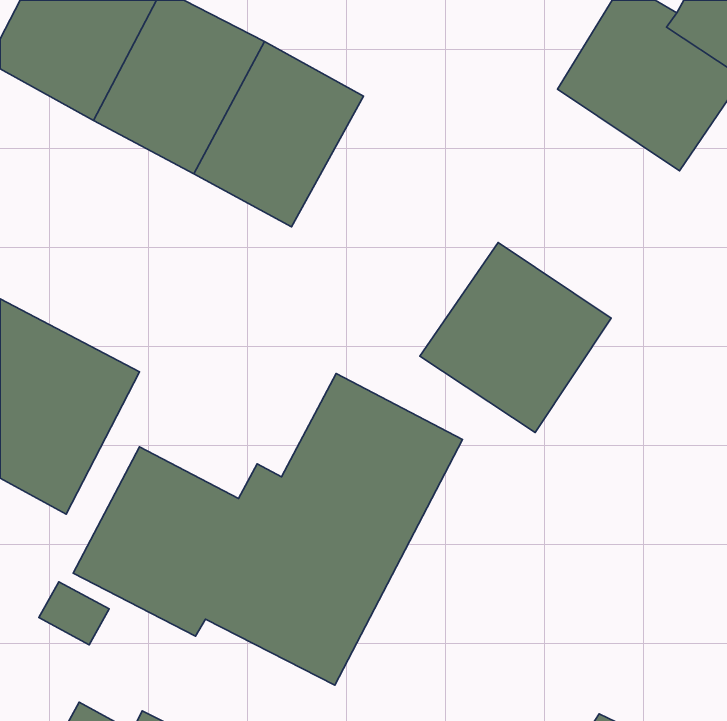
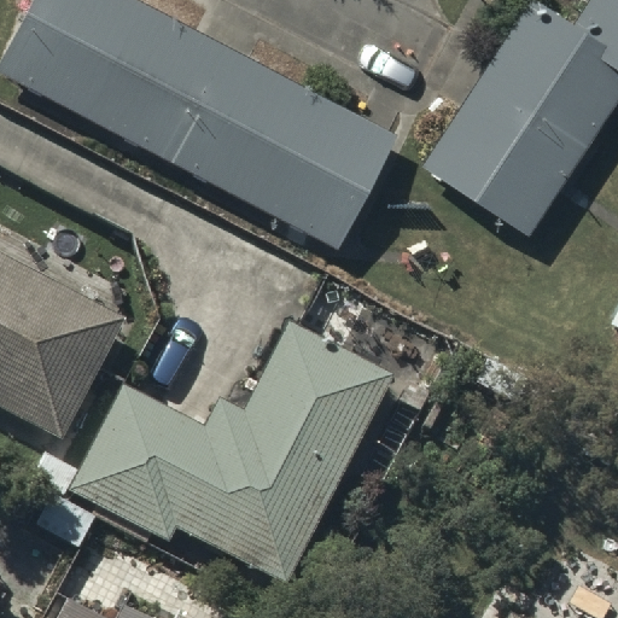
building: none -> [424,86,577,229]
building: none -> [251,92,395,246]
building: [420,242,611,433] -> none

